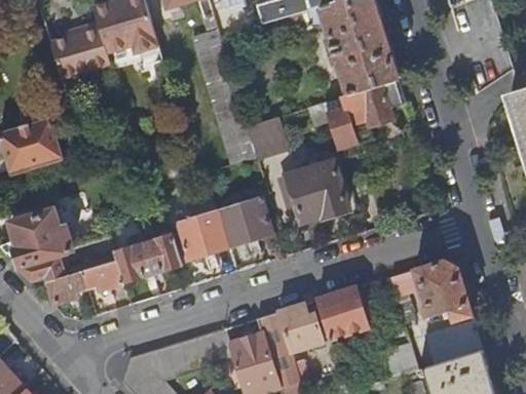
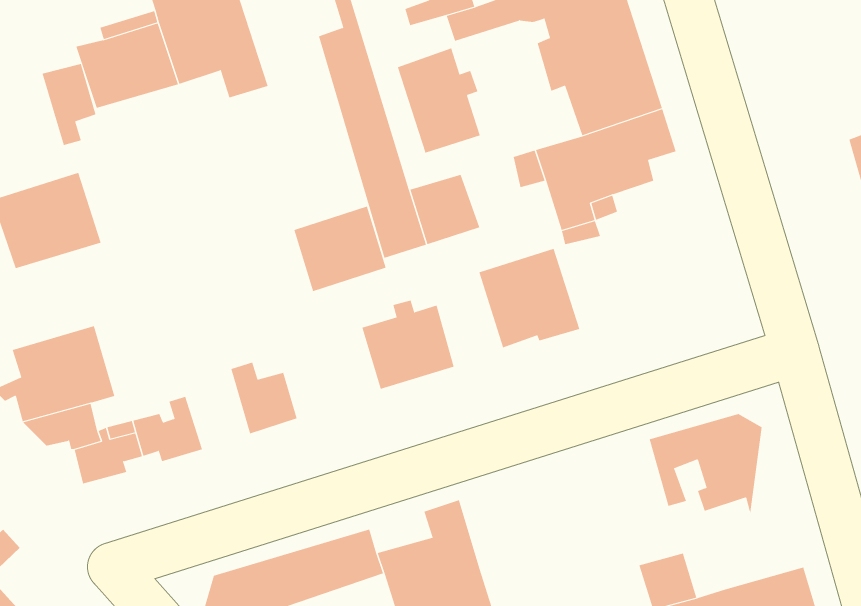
building: none -> [397,48,481,154]
building: none -> [42,63,96,146]
building: [175,208,230,260] -> [294,206,387,292]
building: [115,233,152,281] -> none
building: [316,286,368,339] -> none
building: [277,303,323,352] -> none
building: [427,320,483,364] -> none

